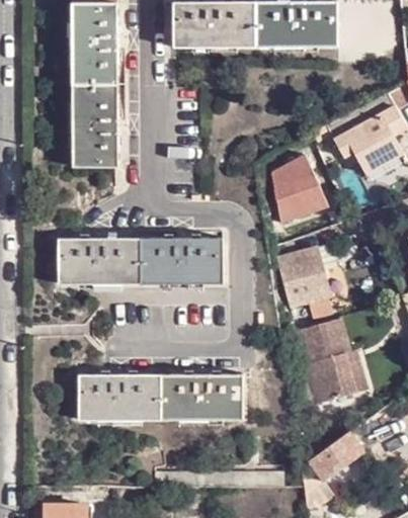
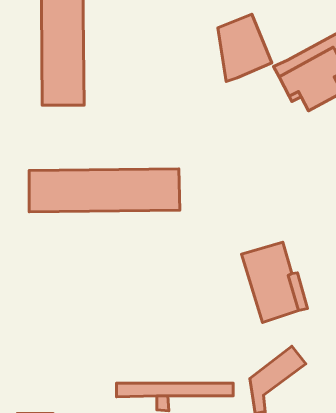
building: [269,148,329,222] -> [218,14,272,81]
building: [276,249,333,322] -> none
building: [79,372,244,420] -> none

